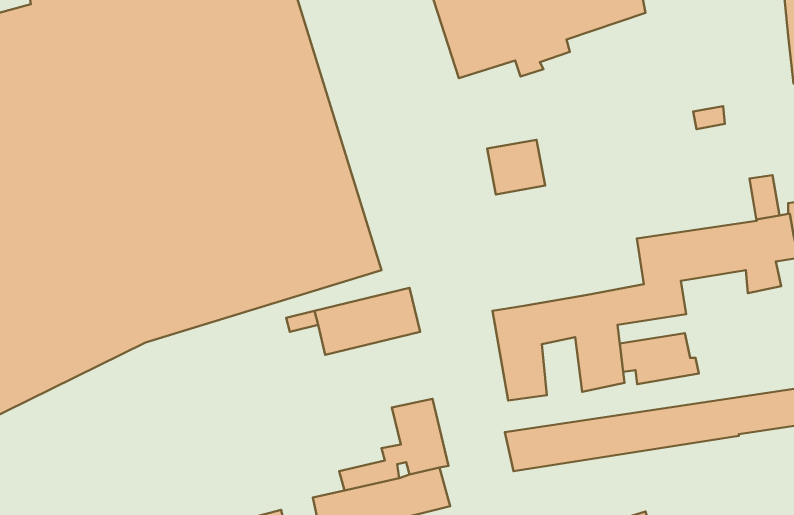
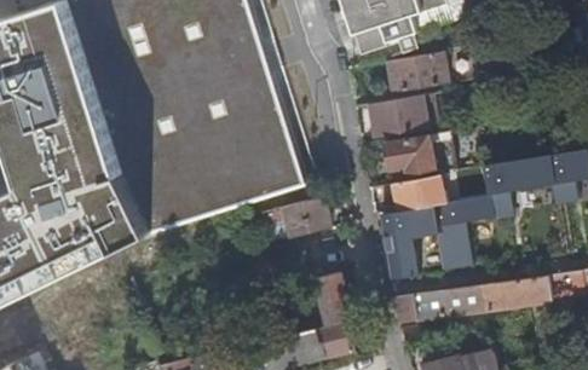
building: none -> [384,48,450,93]
building: none -> [384,134,432,173]
building: [620,333,699,384] -> [391,175,445,210]

